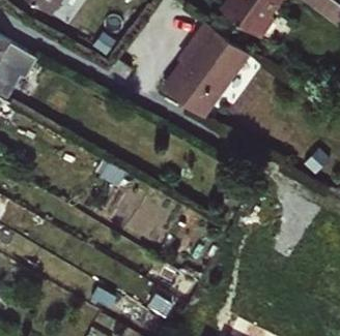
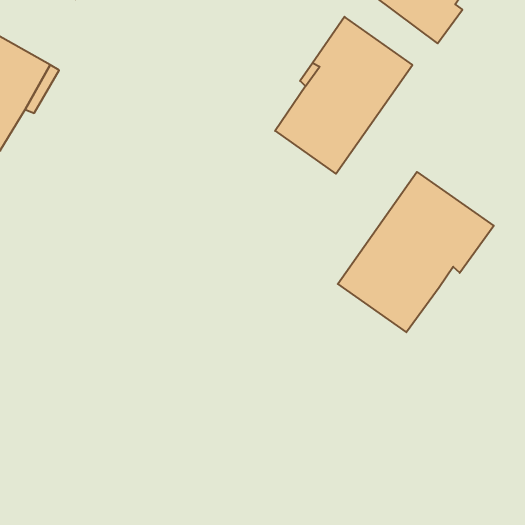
building: none -> [338,172,494,332]

